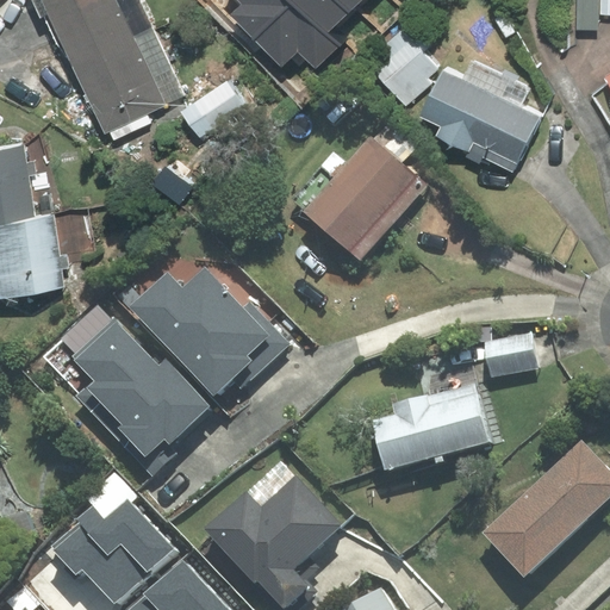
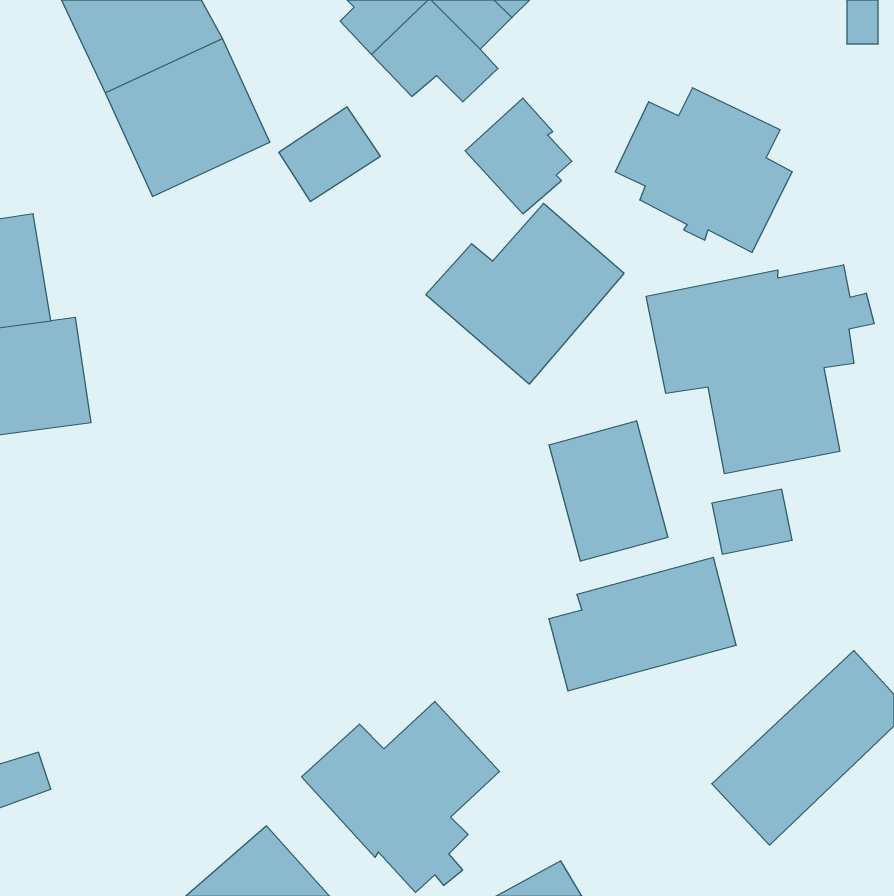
building: [366,26,438,105] -> [465,98,572,214]
building: none -> [646,265,874,474]
building: [130,267,287,393] -> none
building: none -> [549,421,668,561]
building: [71,319,206,477] -> none
building: [52,486,174,603] -> none

